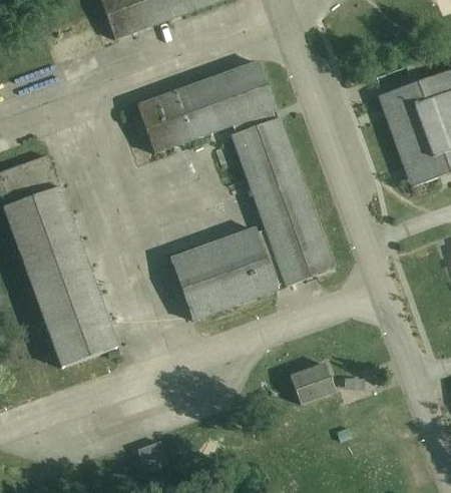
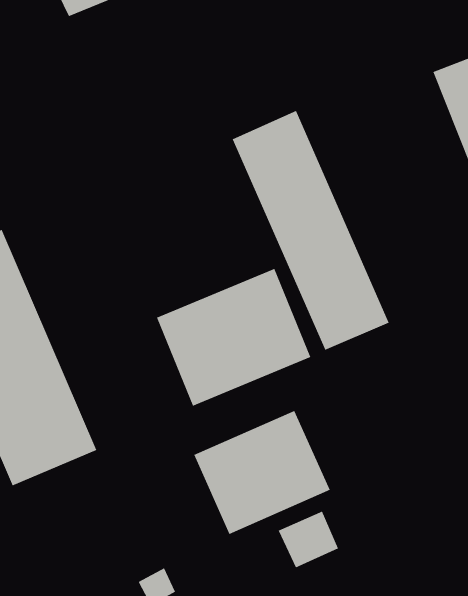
building: [139,58,279,151] -> none
building: none -> [193,410,330,535]
building: [291,363,334,403] -> [278,511,339,568]

